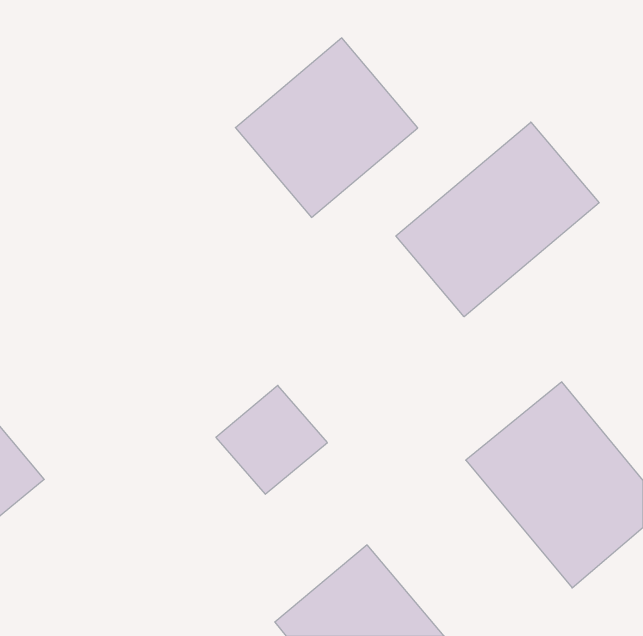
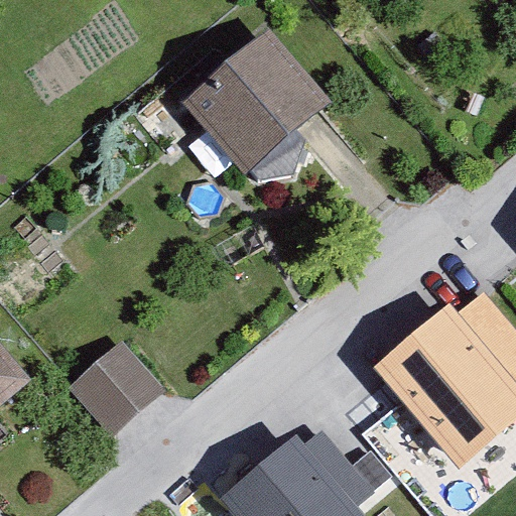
building: [396,122,599,317] -> none
building: [216,385,327,494] -> [79,345,167,431]

